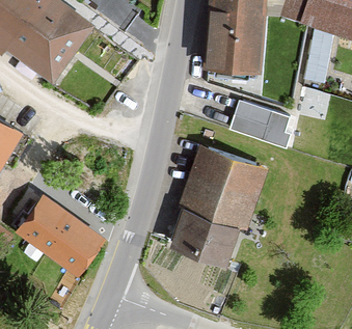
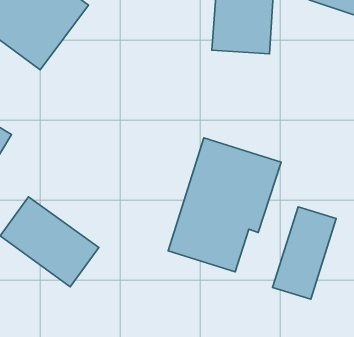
building: [228,103,290,149] -> none
building: none -> [273,207,336,299]

